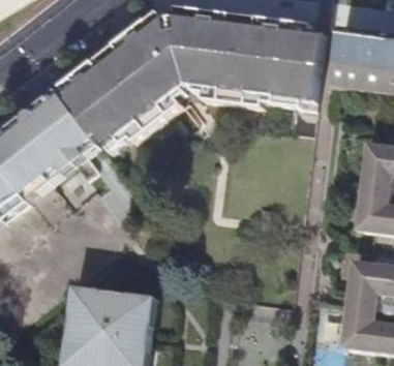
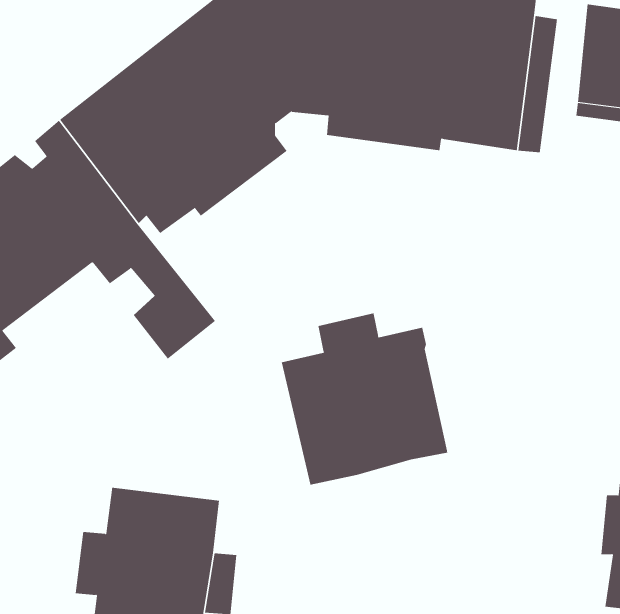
building: none -> [281,312,448,485]

